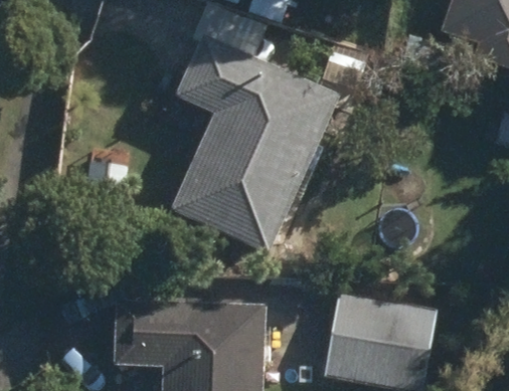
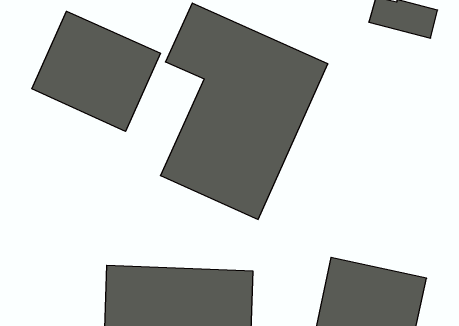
building: none -> [32,11,160,131]

